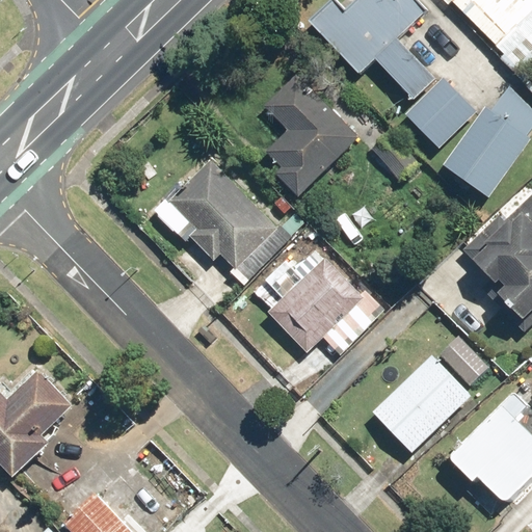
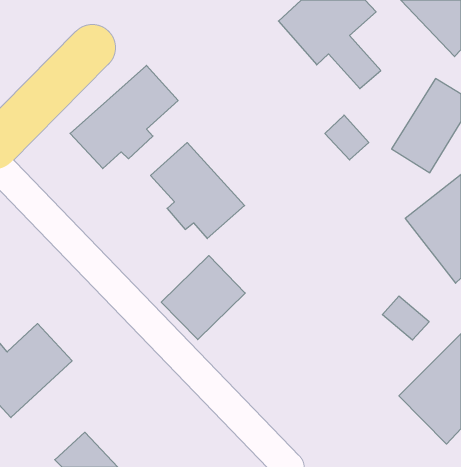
building: [234,69,362,195] -> none
building: none -> [70,65,178,169]
building: [405,81,473,148] -> none
building: [272,259,368,354] -> [161,256,245,340]
building: [368,355,471,457] -> none

